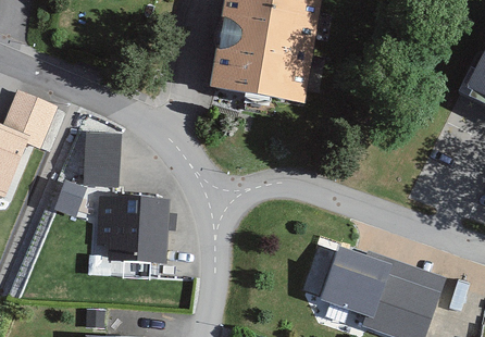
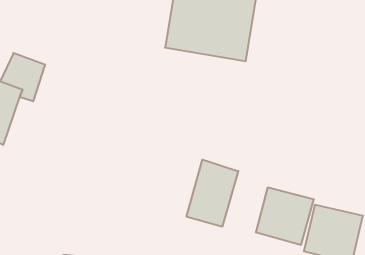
building: [88,134,126,184] -> none
building: [99,191,165,257] -> none
building: none -> [187,160,238,227]

